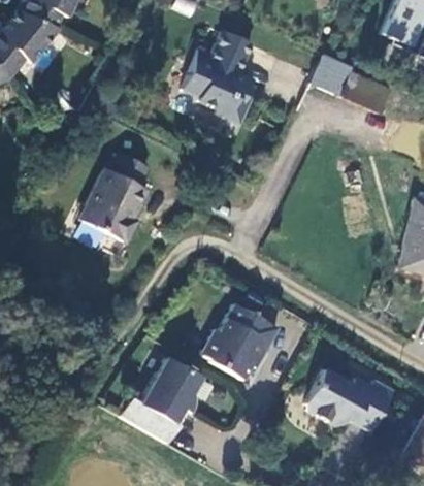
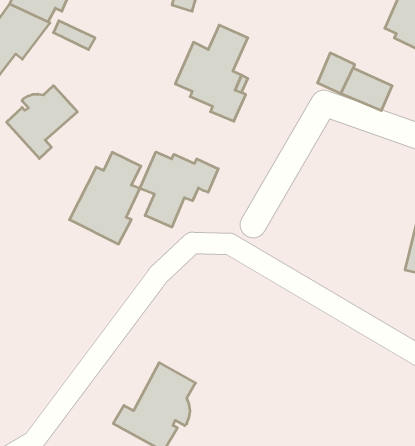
building: none -> [7,86,77,159]
building: none -> [140,152,218,227]
building: [200,301,278,378] -> none
building: [305,369,393,430] -> none

